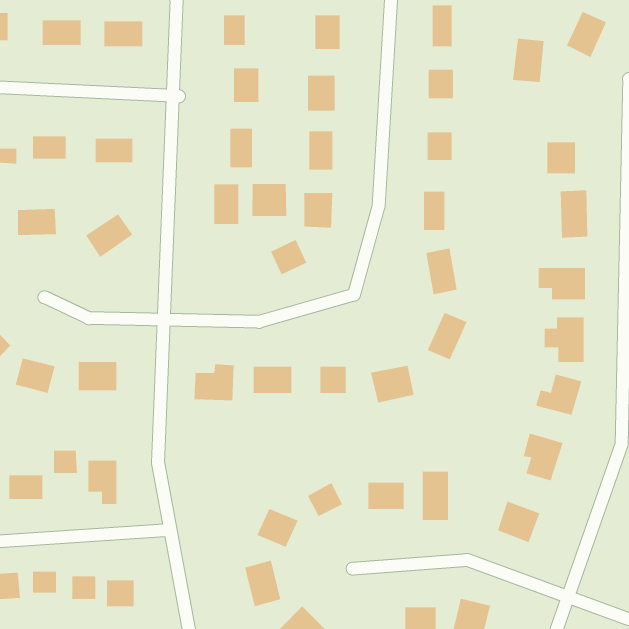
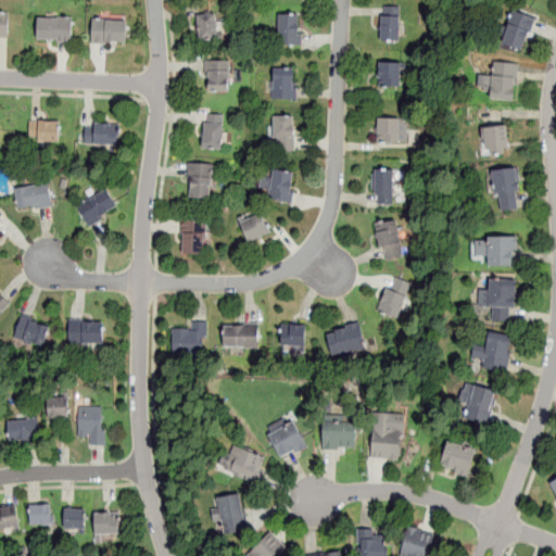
building: [512,38,544,83] -> [489,62,517,101]
building: [252,183,287,217] -> none
building: none -> [180,220,204,254]

